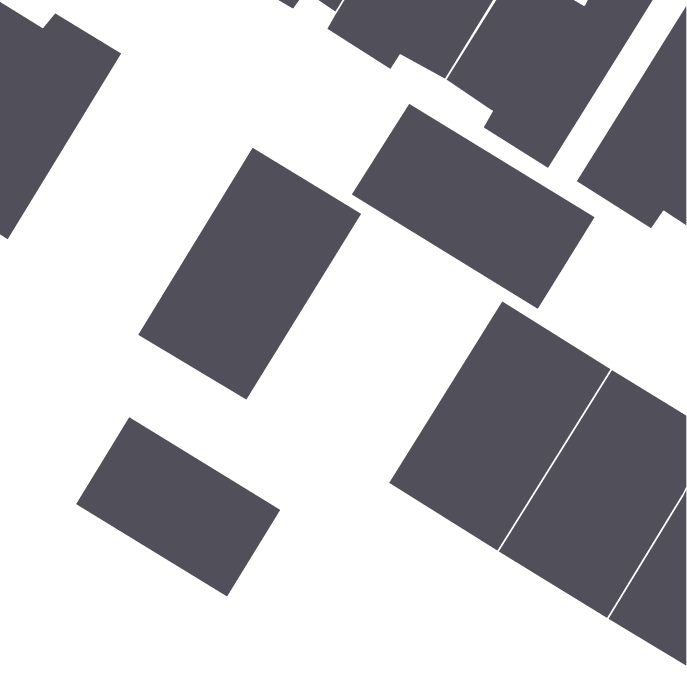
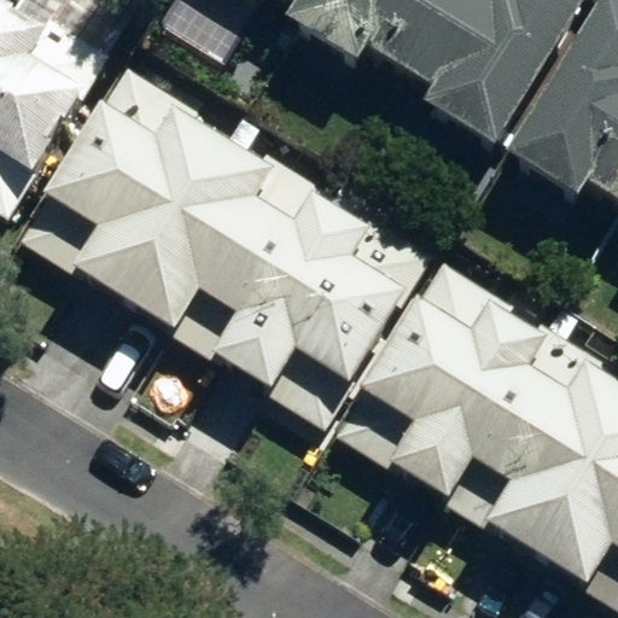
building: none -> [24,71,222,295]
building: [351,103,595,310] -> none
building: none -> [217,188,421,418]
building: [75,416,281,598] -> none

